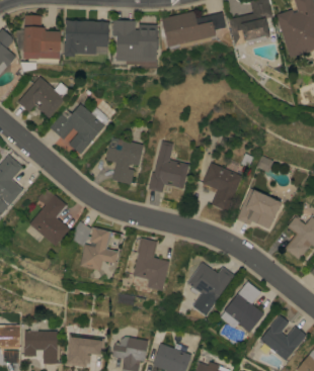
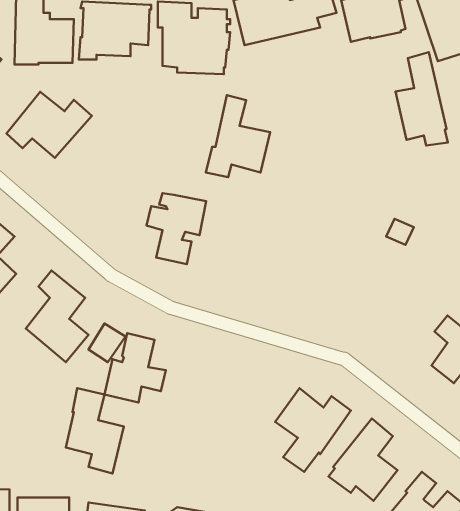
building: none -> [395,52,448,146]
building: [50,103,105,154] -> none
building: [149,141,189,192] -> [206,95,270,177]
building: [203,160,244,211] -> none
building: [237,188,282,228] -> none
building: [134,238,170,291] -> [66,388,124,473]

